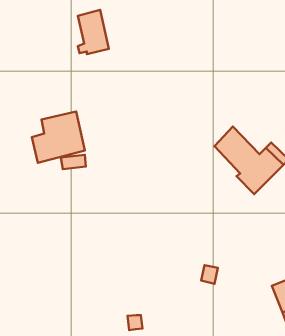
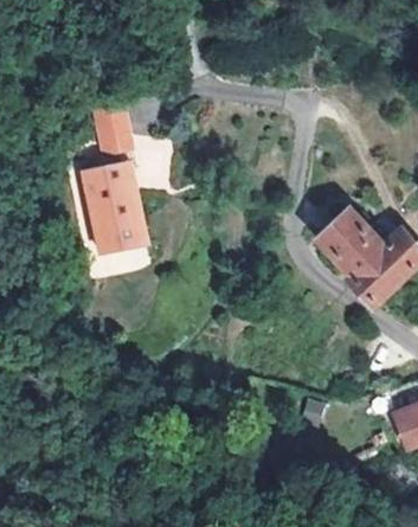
building: [78,10,109,54] -> [92,102,134,161]
building: none -> [83,165,136,203]

